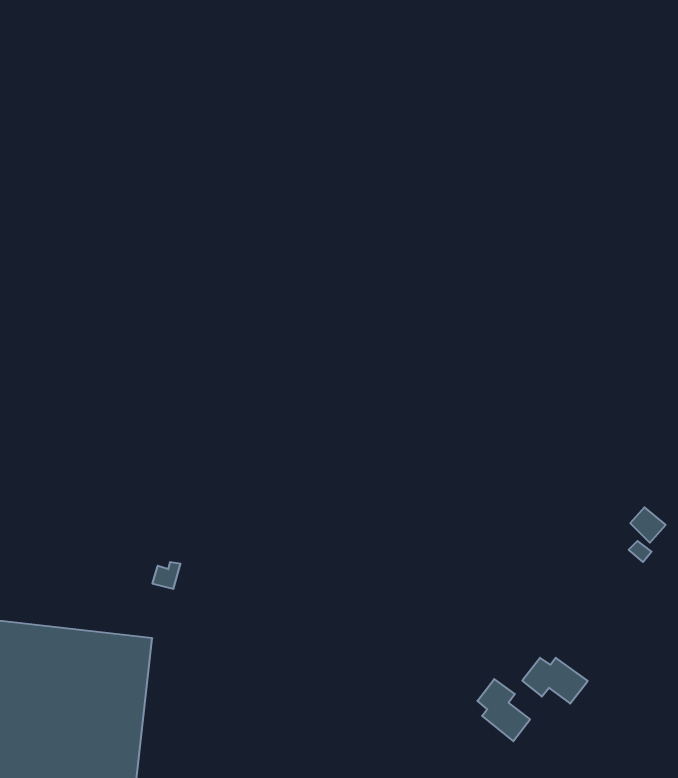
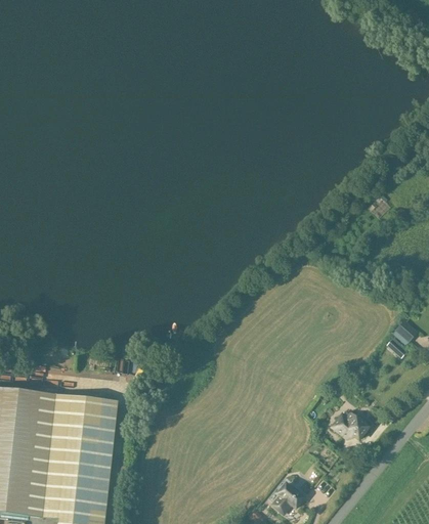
building: [477,679,530,741] -> none

